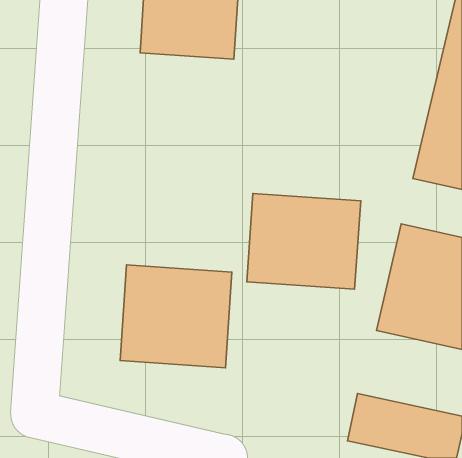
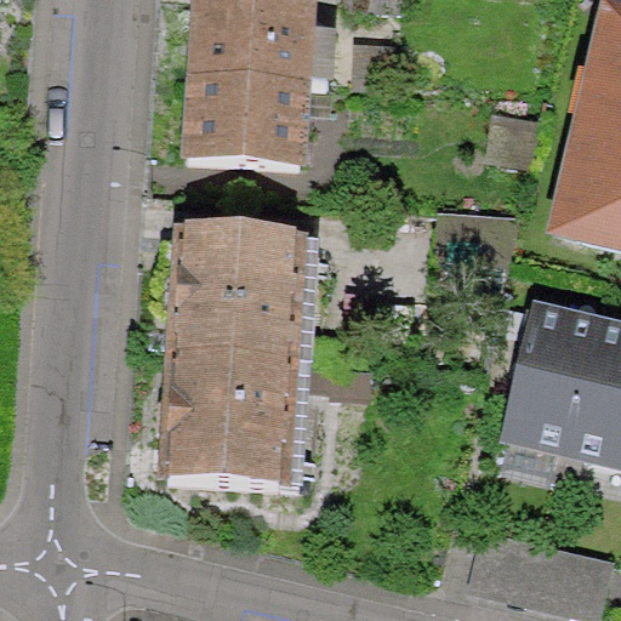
building: none -> [181,70,312,166]
building: none -> [169,218,319,363]
building: [247,194,361,289] -> none

